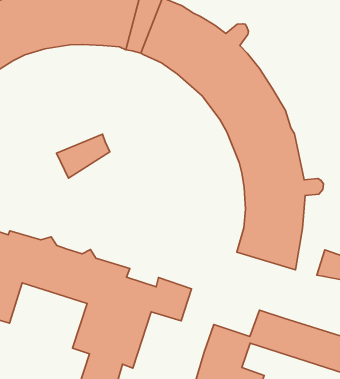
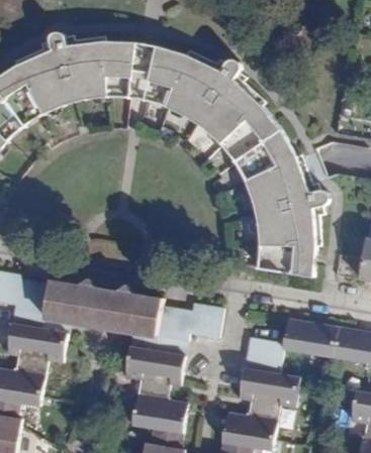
building: [56,134,110,178] -> none

